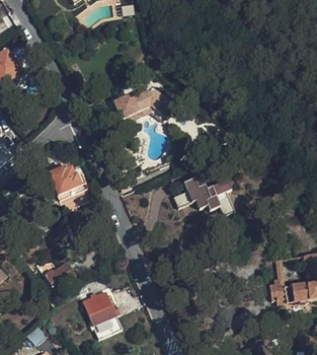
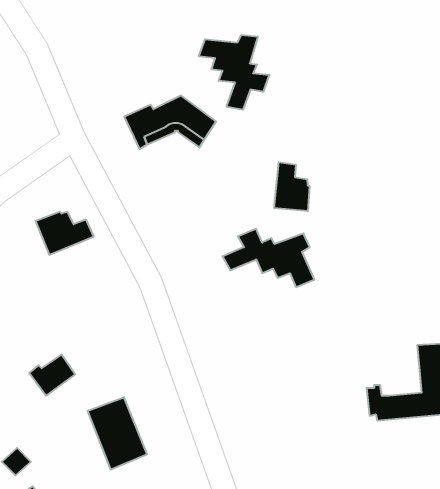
building: none -> [199,35,269,110]
building: none -> [274,162,309,211]

